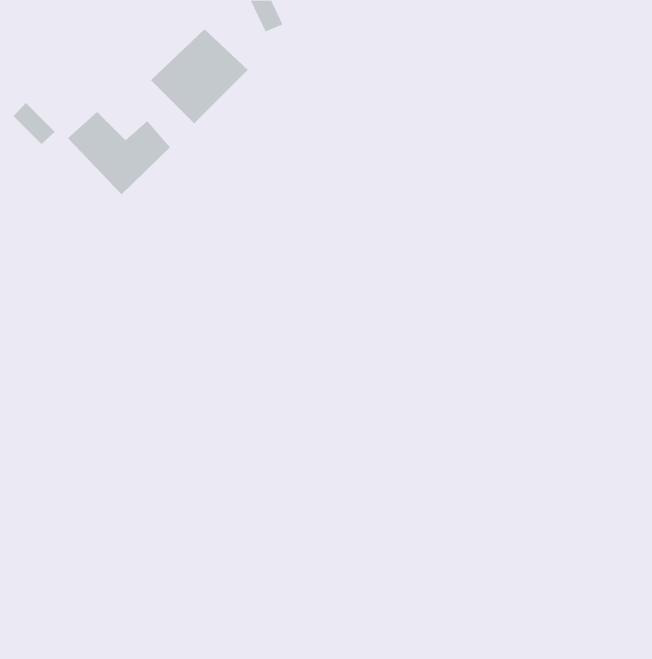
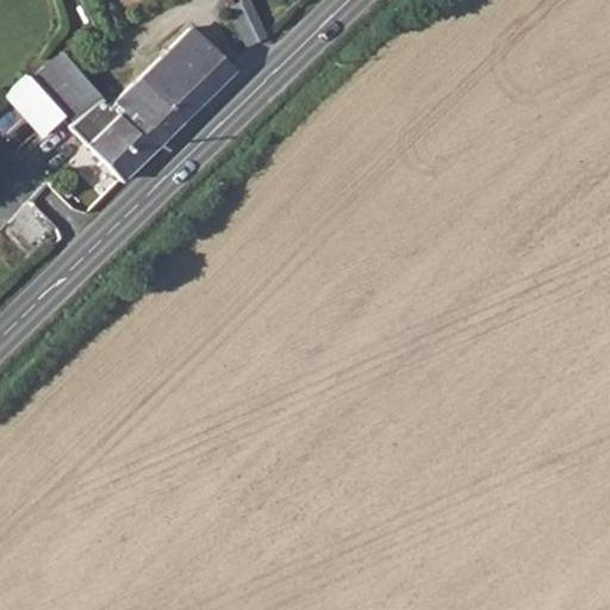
building: none -> [29,57,94,124]
building: none -> [116,75,187,137]

